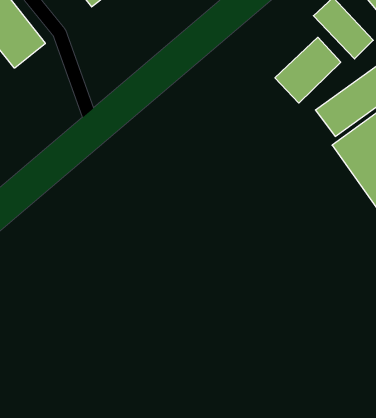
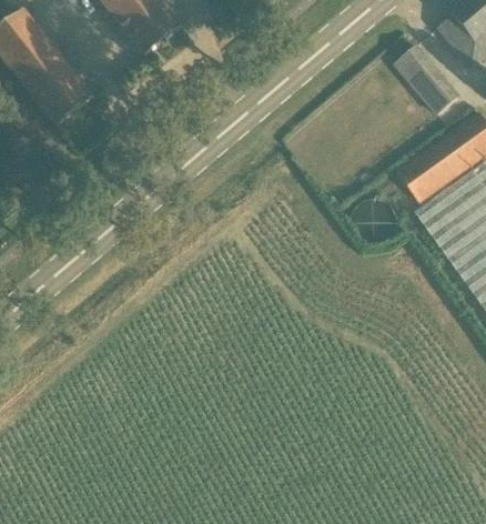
building: [275,37,341,103] -> none

